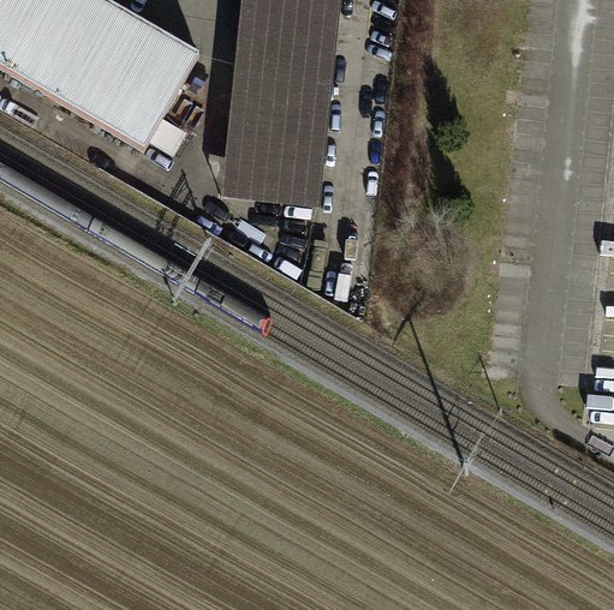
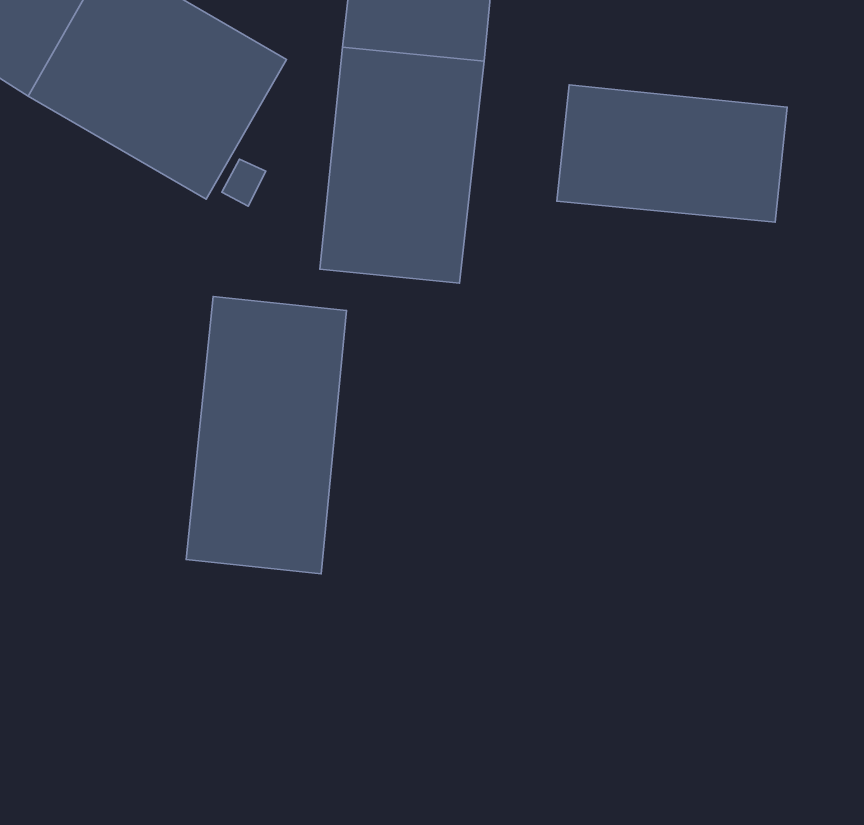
building: none -> [557,85,787,222]
building: none -> [186,297,346,574]

